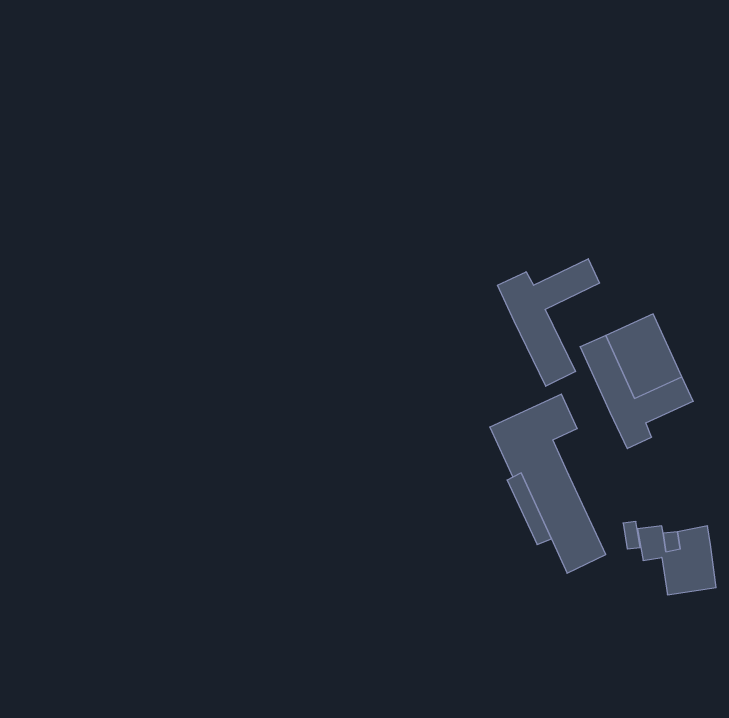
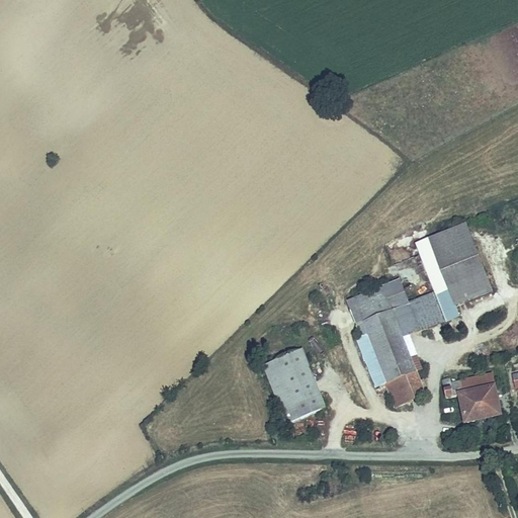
building: [498,259,600,386] -> none
building: none -> [391,291,443,335]
building: none -> [265,355,326,427]

